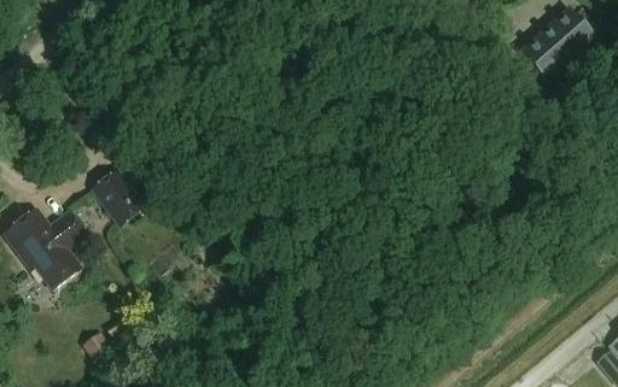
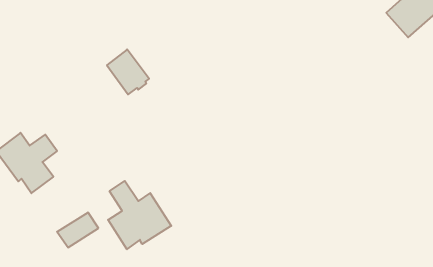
building: [92,168,147,227] -> [107,49,149,94]
building: none -> [108,181,171,249]

